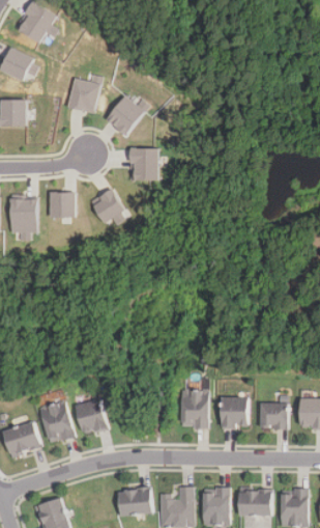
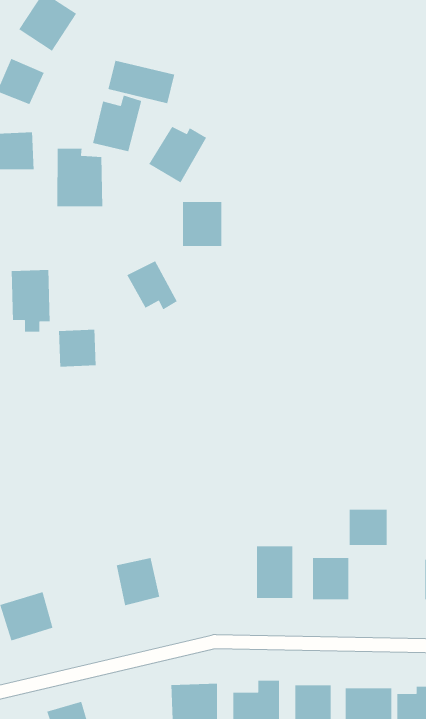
building: none -> [108,60,175,104]
building: none -> [56,148,103,207]
building: [49,191,76,218] -> [58,329,97,367]
building: [46,400,78,440] -> none
building: [260,402,287,428] -> [349,509,387,546]

